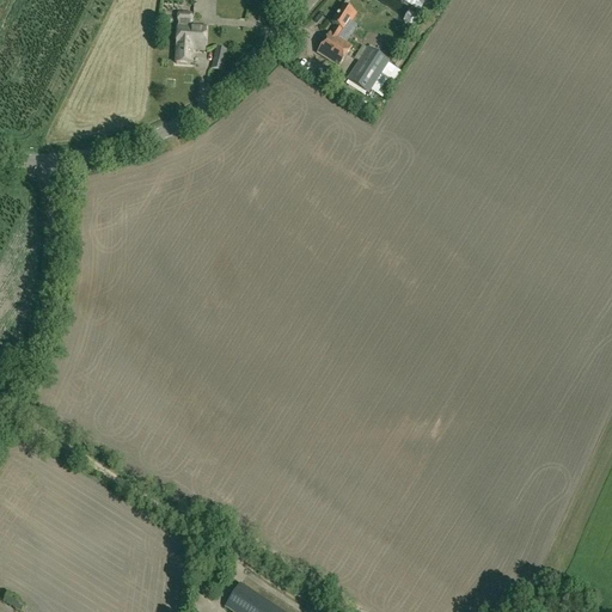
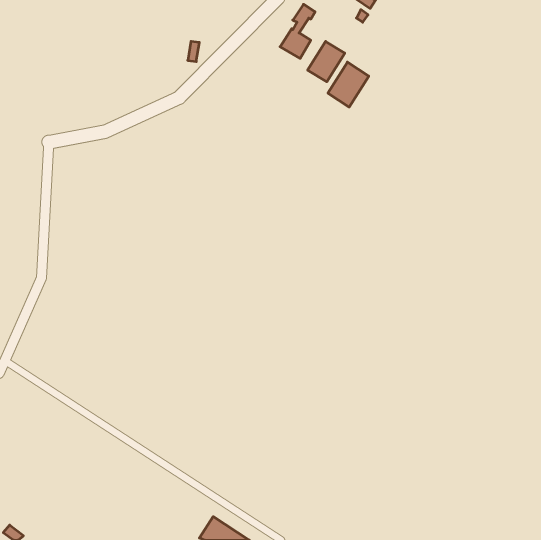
building: [175,12,204,63] -> none
building: none -> [328,62,369,107]

